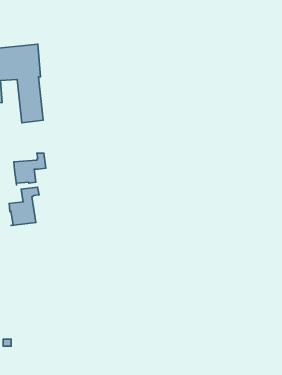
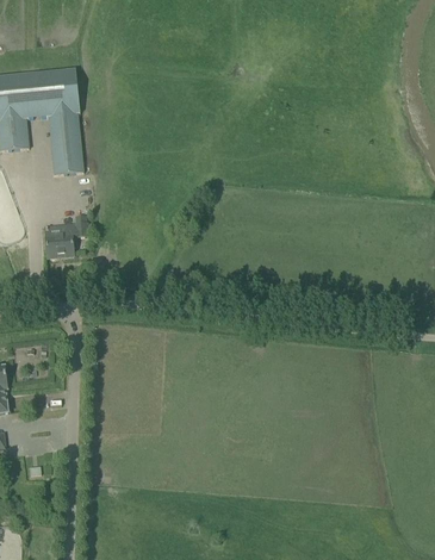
building: [9,187,39,225] -> none

